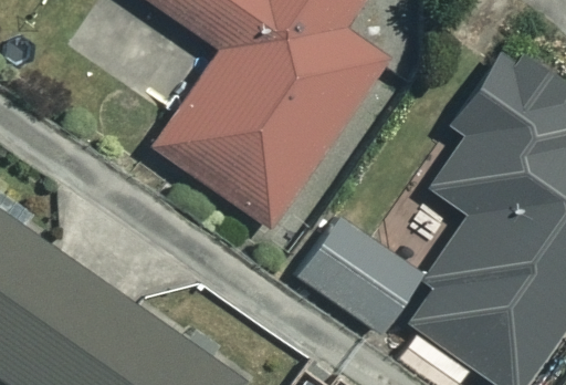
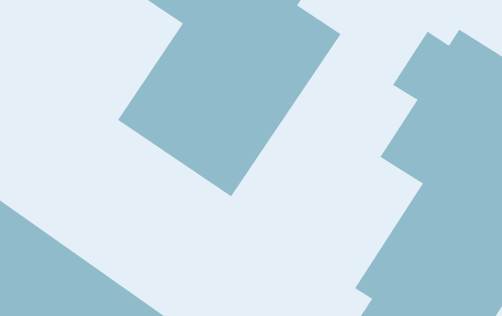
building: [296,208,426,333] -> none

